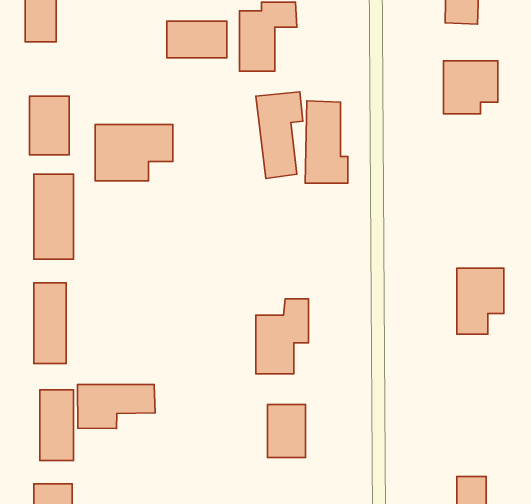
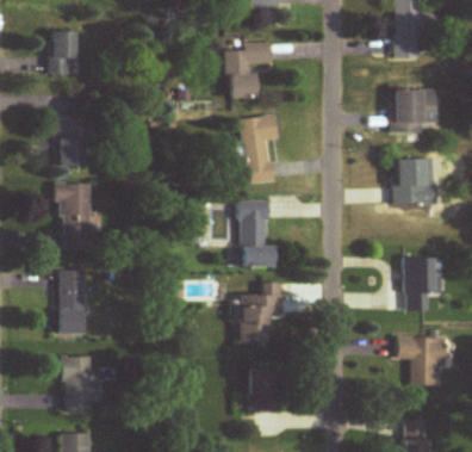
building: [167,21,227,58] -> none
building: [305,101,348,183] -> [240,200,274,267]
building: [95,124,173,181] -> none
building: none -> [393,160,434,204]
building: none -> [396,336,445,386]
building: [77,385,155,429] -> none

